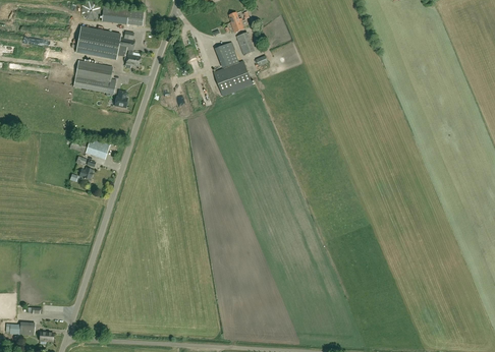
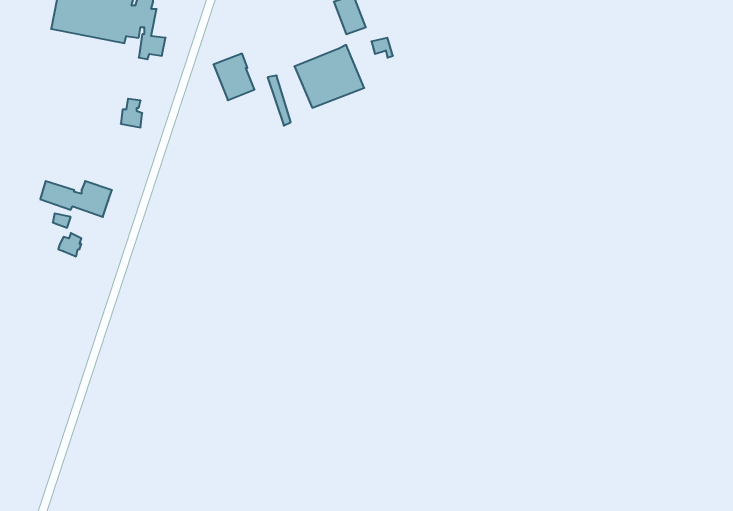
building: [215,42,238,68] -> [213,54,255,100]
building: [72,60,115,94] -> none

